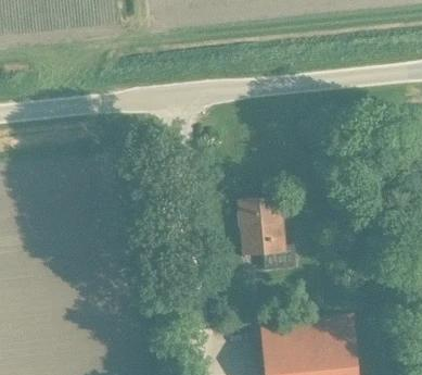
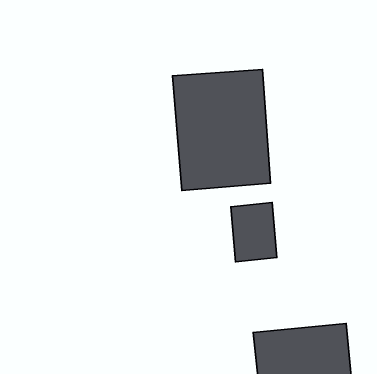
building: none -> [173,70,271,191]

